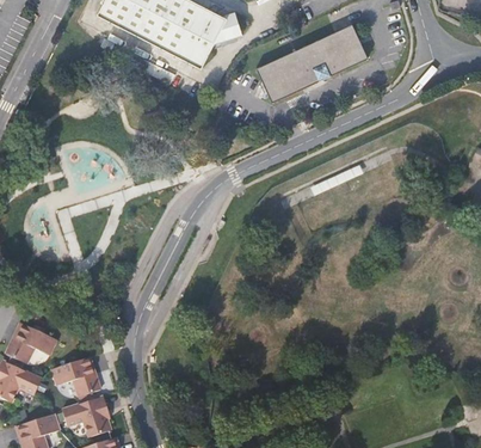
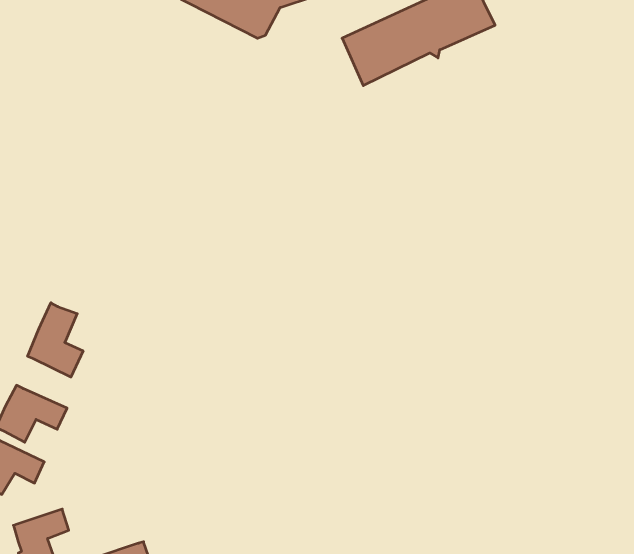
building: none -> [28,303,83,377]
building: [51,355,100,397] -> none
building: [61,395,111,436] -> none

